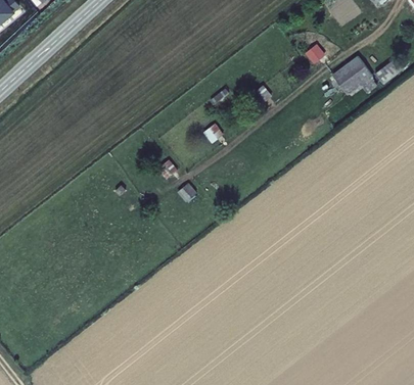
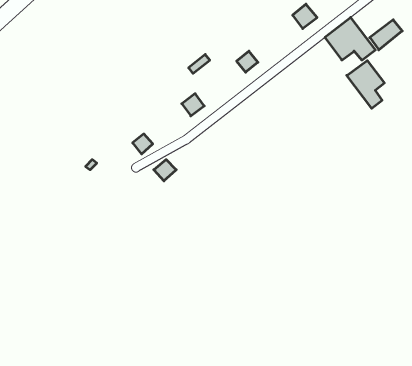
building: none -> [347,61,384,108]

